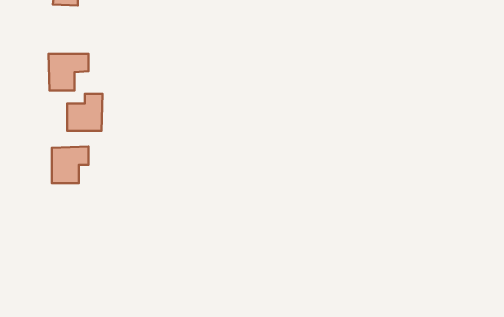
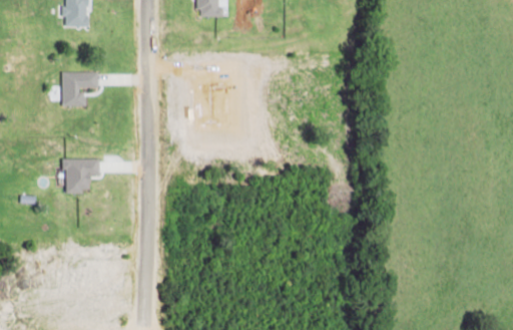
building: [67,94,103,131] -> none

